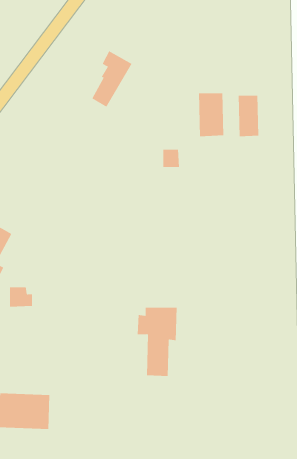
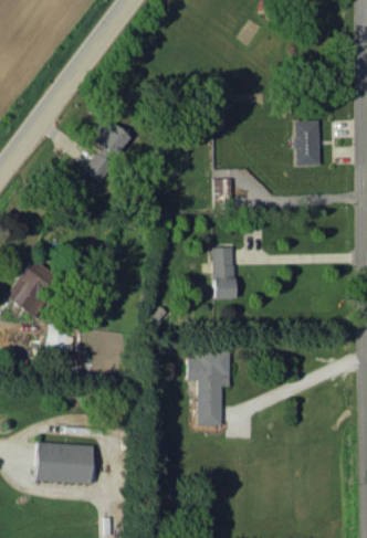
building: [92,50,132,108] -> [86,118,130,180]
building: [198,93,224,137] -> none
building: none -> [213,247,234,298]

